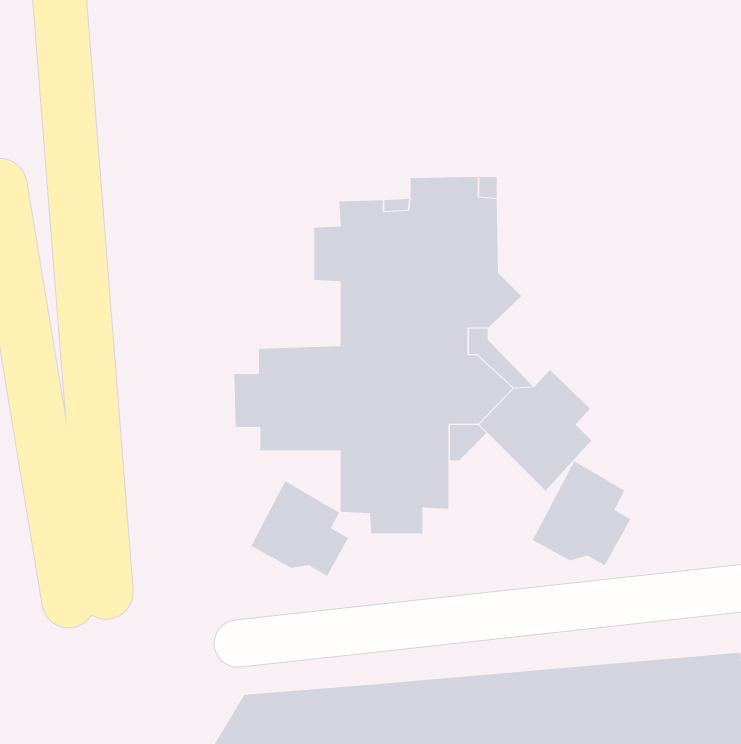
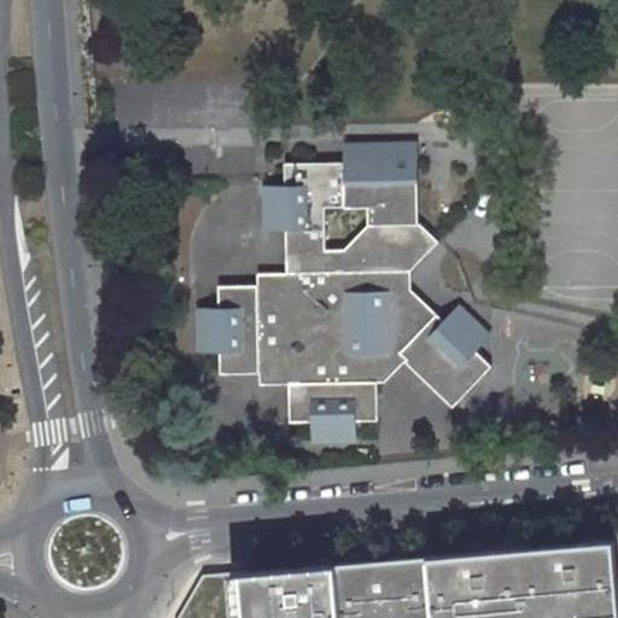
building: [532,460,631,566] -> none
building: [251,480,349,577] -> none

